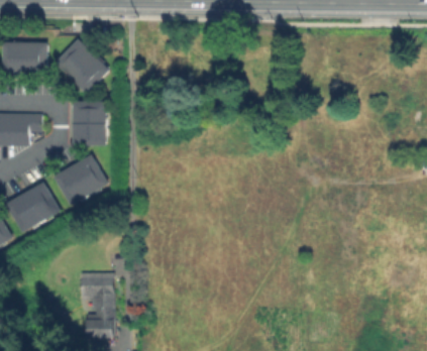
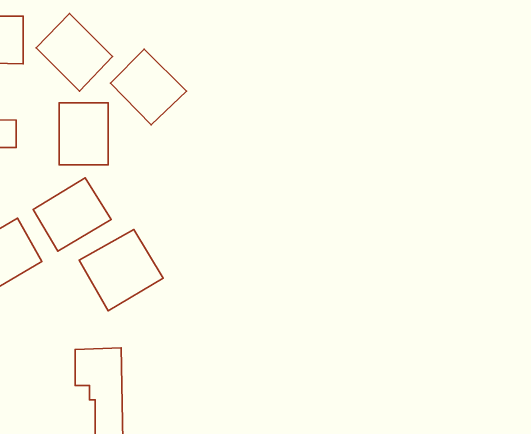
building: none -> [111,49,186,125]
building: none -> [79,230,163,311]

